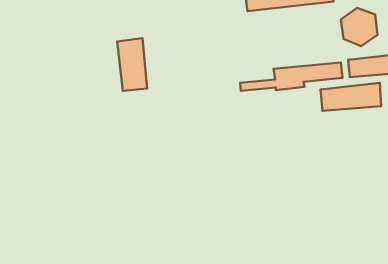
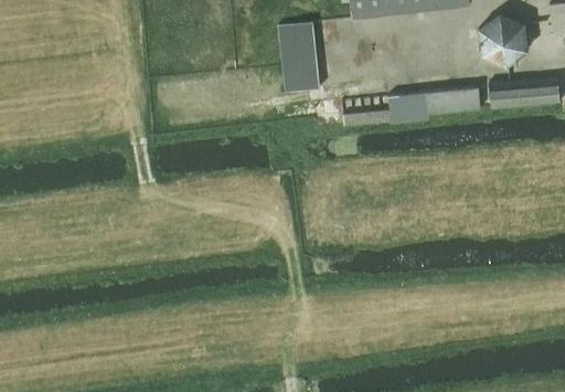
building: [117,38,147,91] -> [279,20,320,92]
building: [320,83,381,111] -> none

